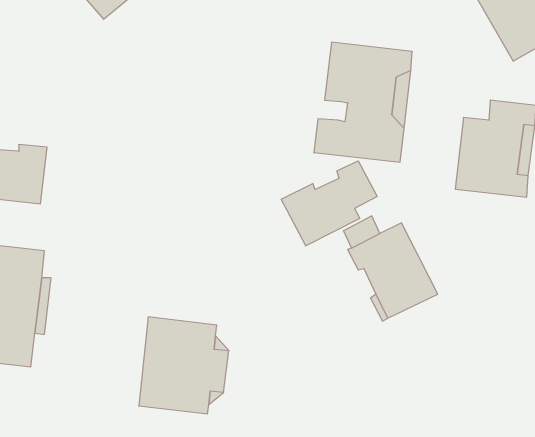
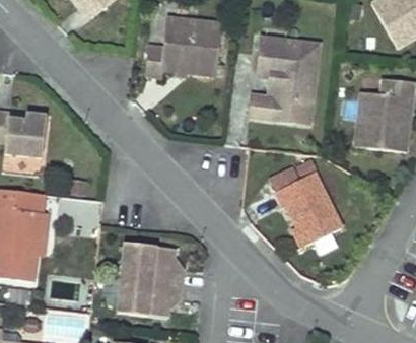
building: none -> [145,15,220,77]
building: [281,161,377,246] -> none

